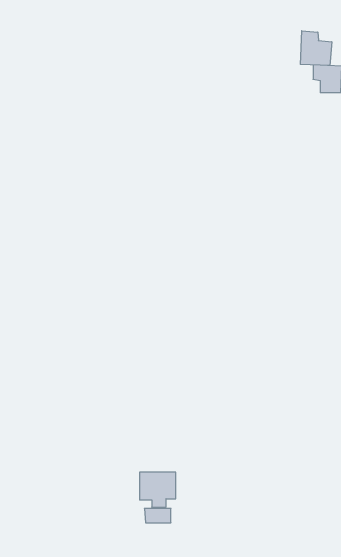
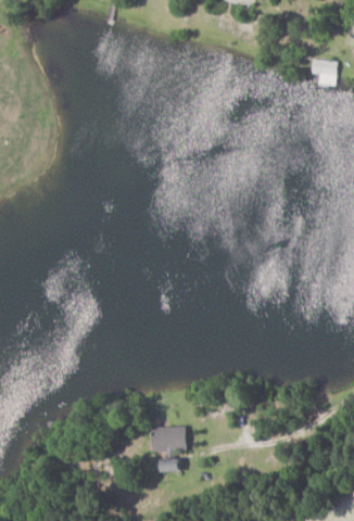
building: [300,31,332,65] -> none

